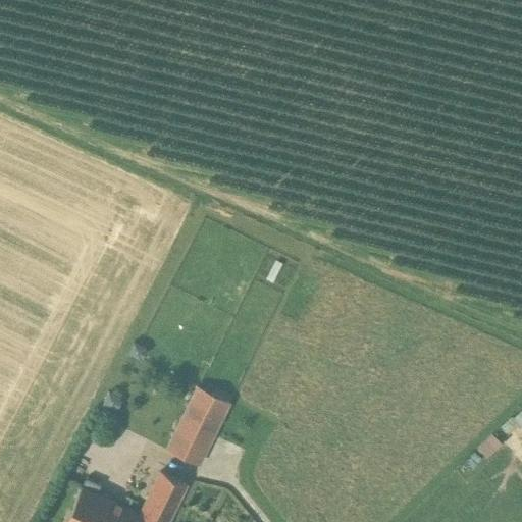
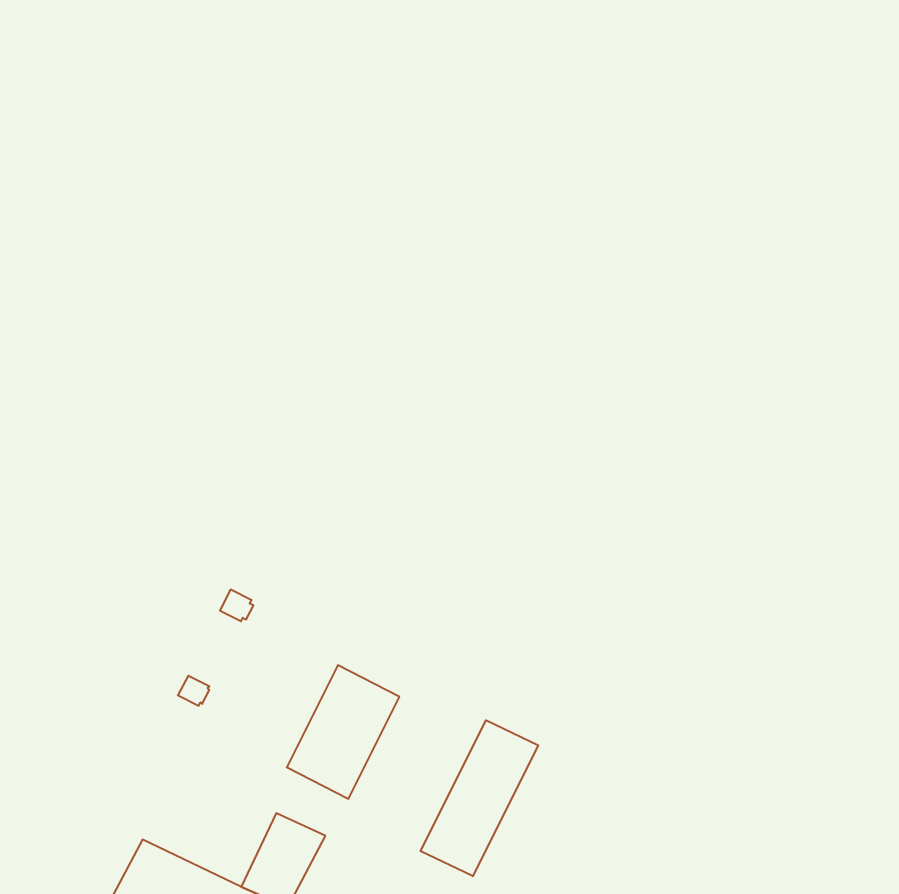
building: none -> [421,720,538,876]

